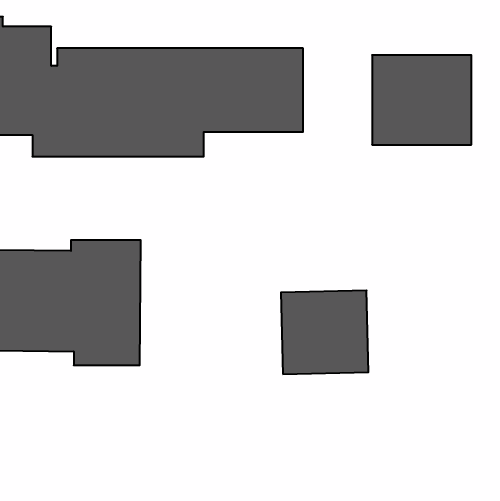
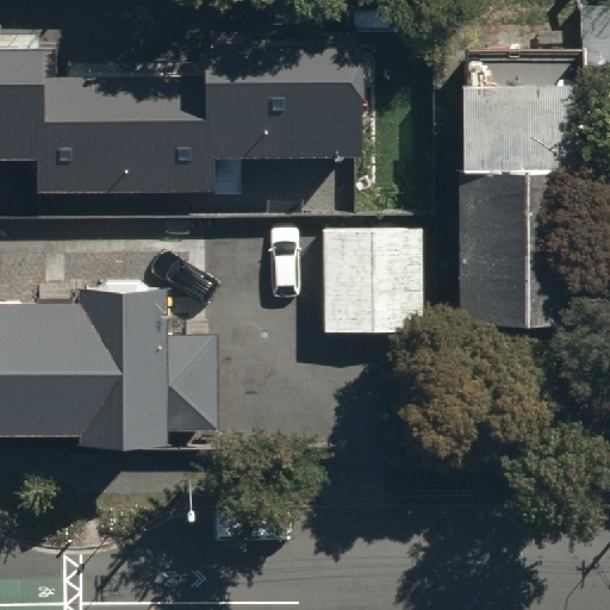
building: none -> [459,188,580,328]
building: [281,290,368,374] -> [318,232,424,334]

